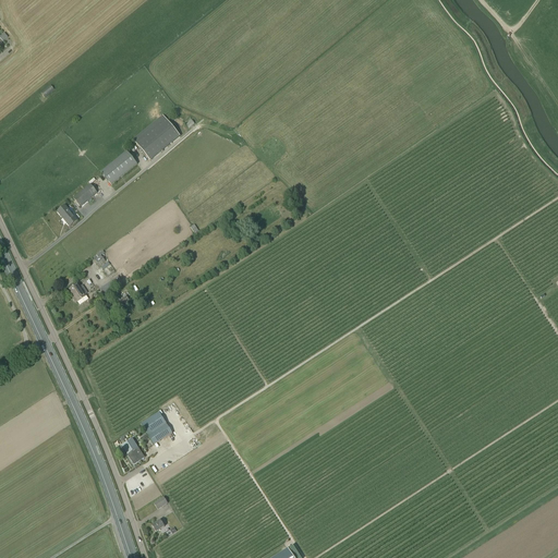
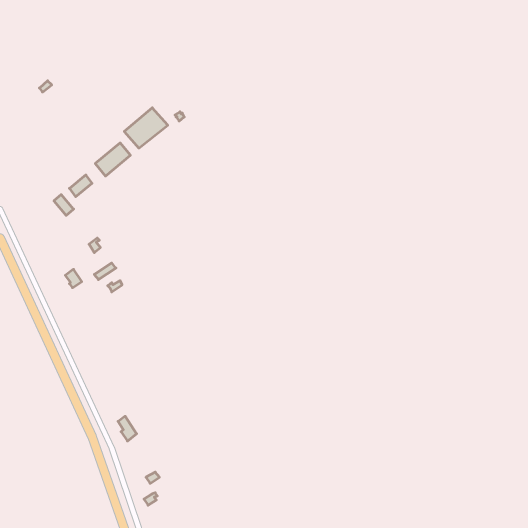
building: [142,412,173,445] -> none

